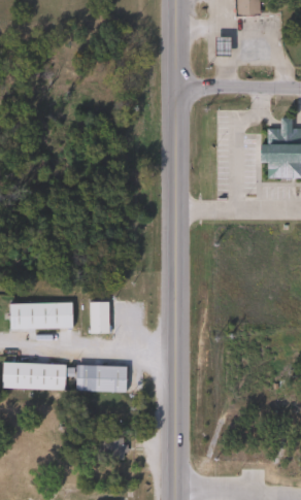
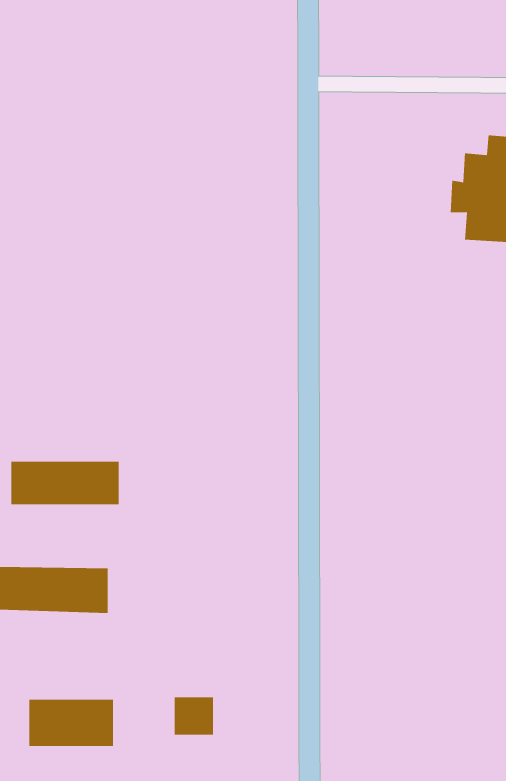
building: [90,301,109,333] -> none
building: [77,365,126,392] -> [29,699,114,746]

